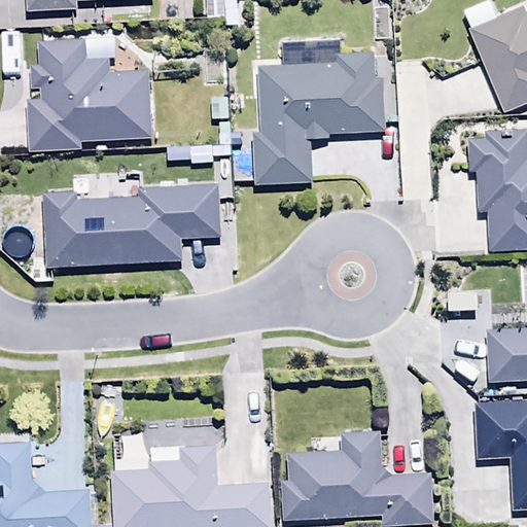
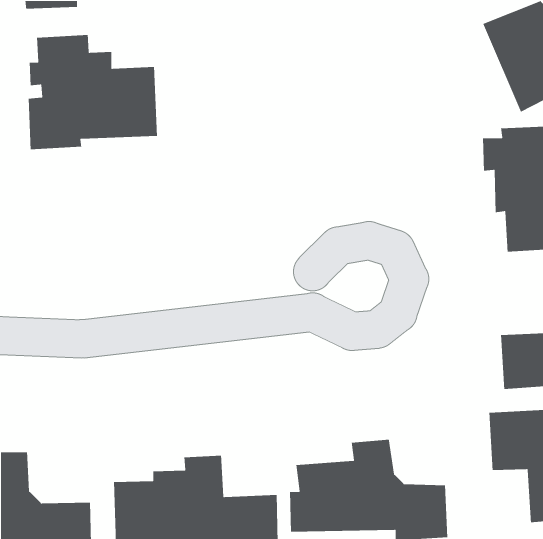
building: [252,55,385,185] -> none
building: [42,185,221,268] -> none

